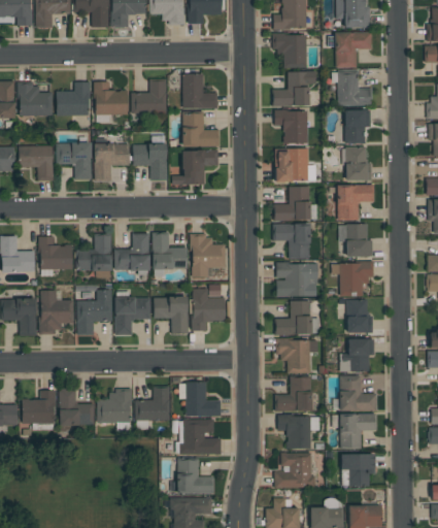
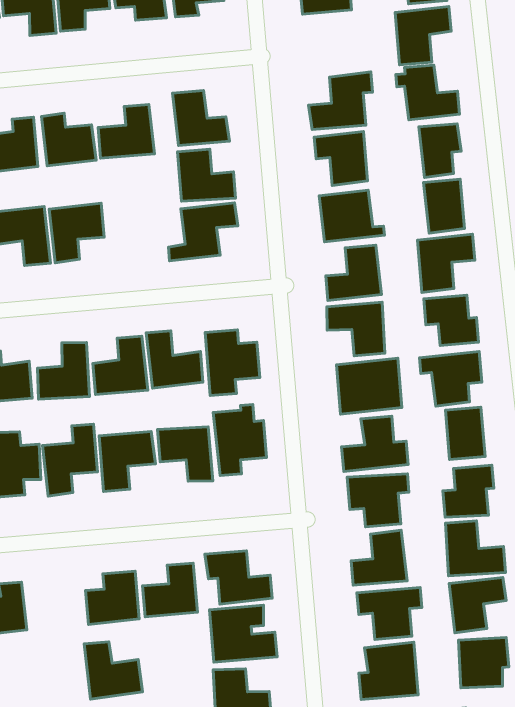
building: [272,34,306,68] -> none
building: [133,143,167,182] -> none
building: [59,390,95,427] -> [84,642,143,699]

